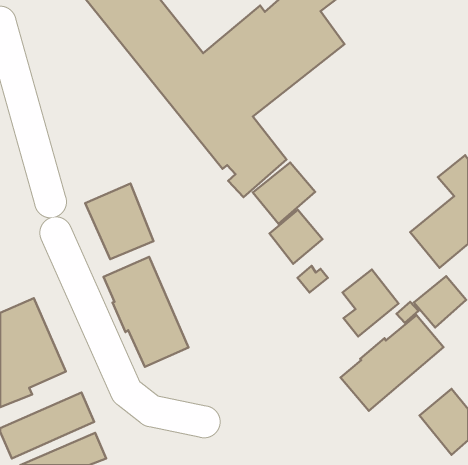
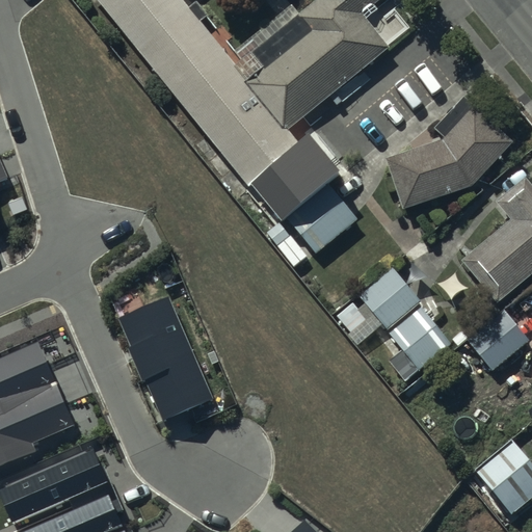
building: none -> [387,95,513,210]
building: [85,184,153,259] -> none
building: [269,210,323,264] -> [361,267,421,328]
building: [341,315,444,411] -> none

